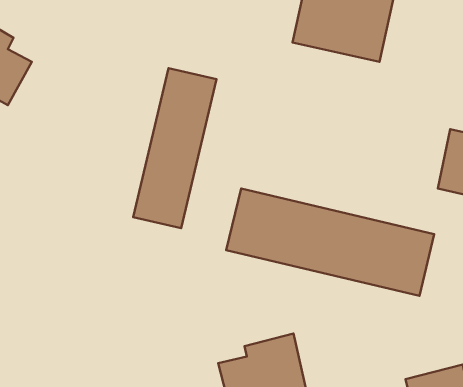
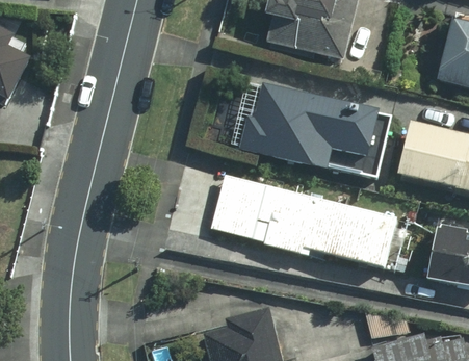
building: [133,68,216,228] -> none
building: none -> [239,81,382,166]

